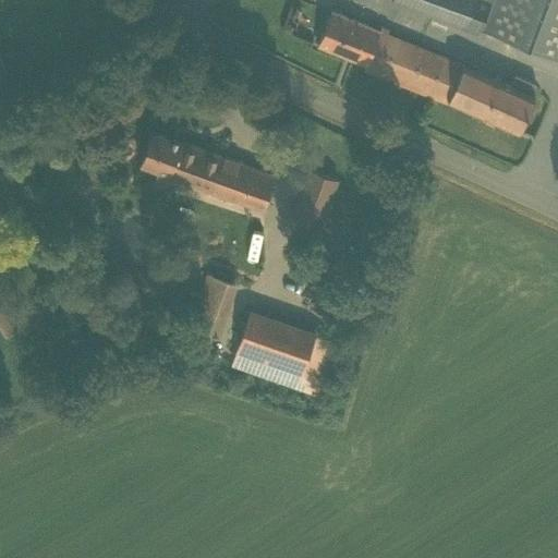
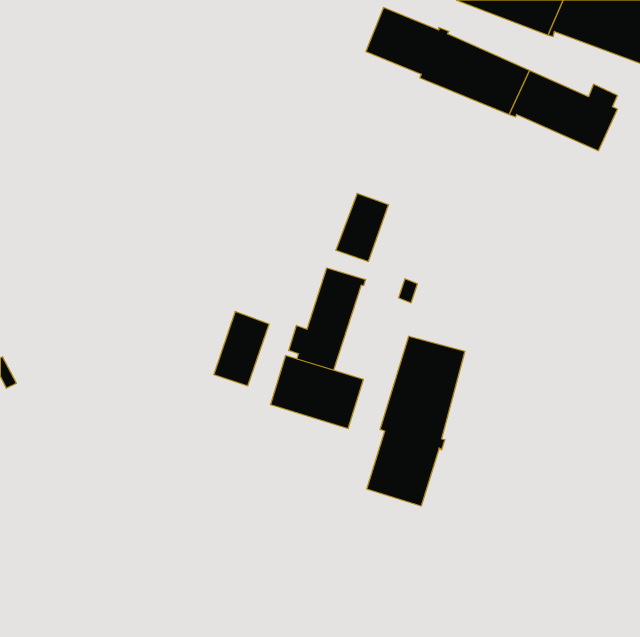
building: [143,135,278,215] -> none
building: none -> [289,268,366,370]
building: none -> [367,336,465,506]

